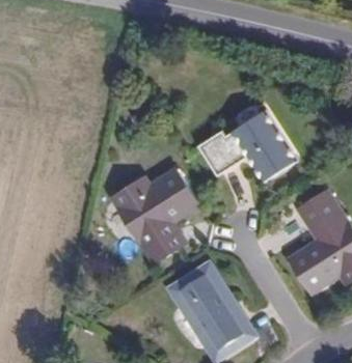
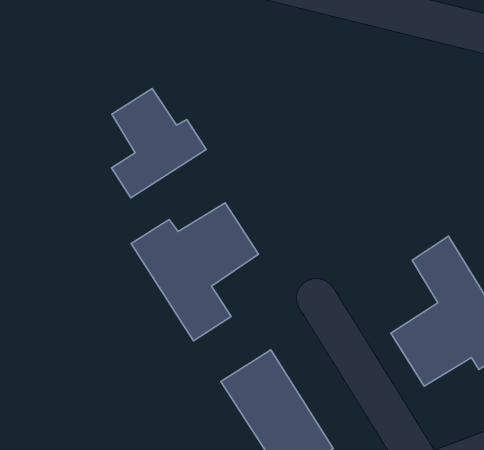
building: none -> [111,89,206,198]
building: [197,111,296,179] -> none

